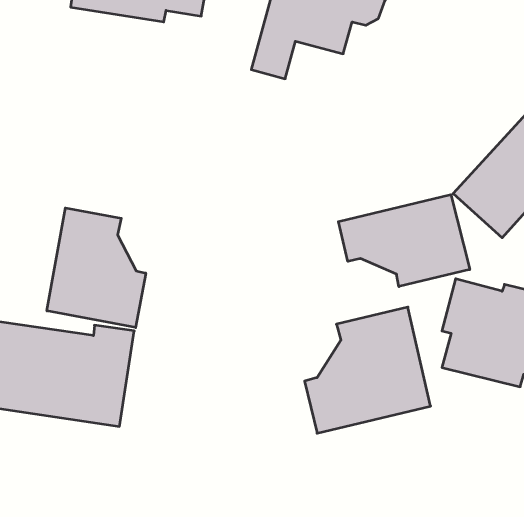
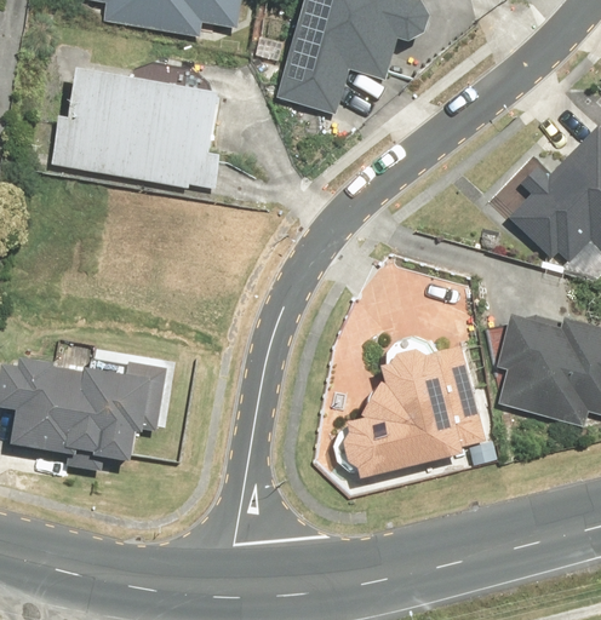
building: none -> [59,65,222,189]
building: [338,195,470,287] -> none
building: [47,208,146,328] -> none

